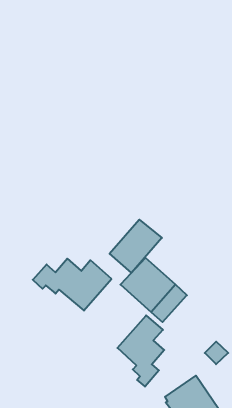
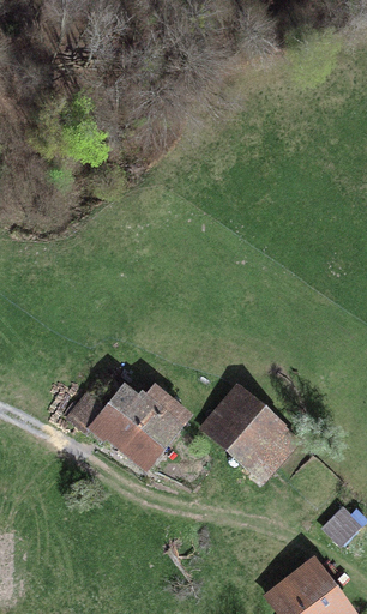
building: [110,220,162,273] -> none
building: [117,315,164,387] -> none

